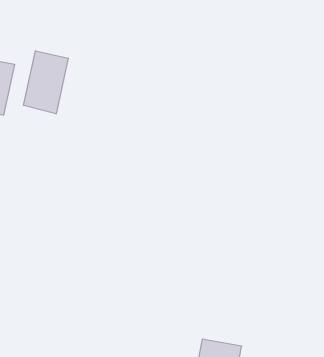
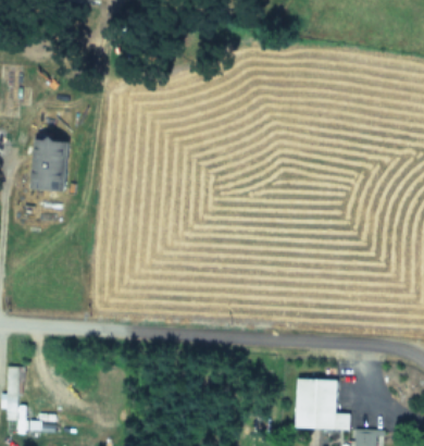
building: [24,51,68,114] -> none

